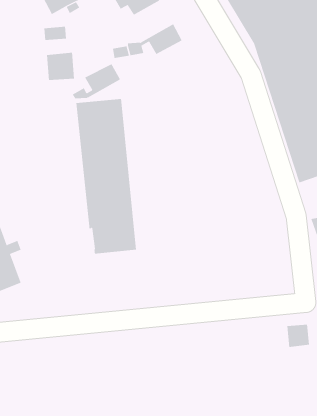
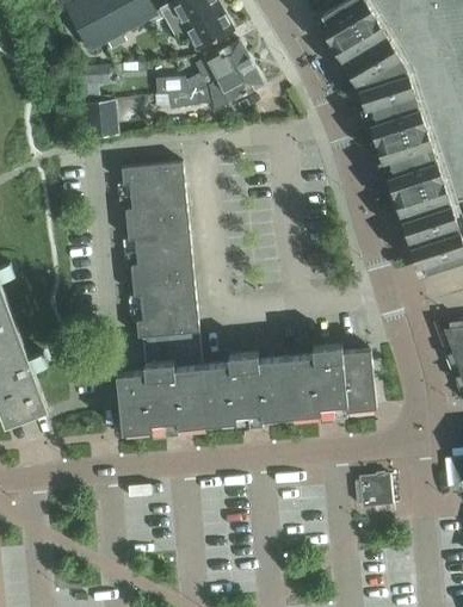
building: [72,63,121,99] -> [184,41,249,88]
building: none -> [116,345,374,431]
building: [287,324,310,347] -> [358,476,389,507]

